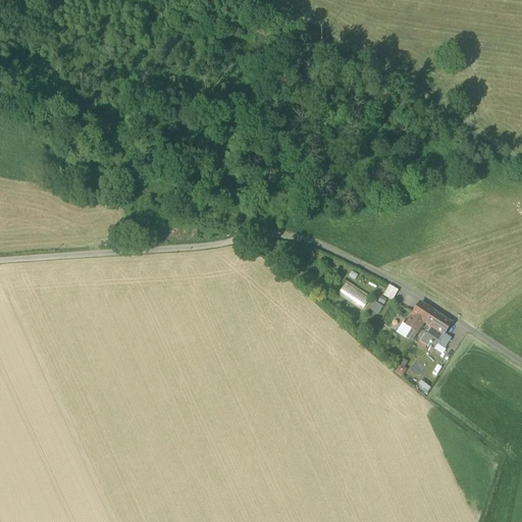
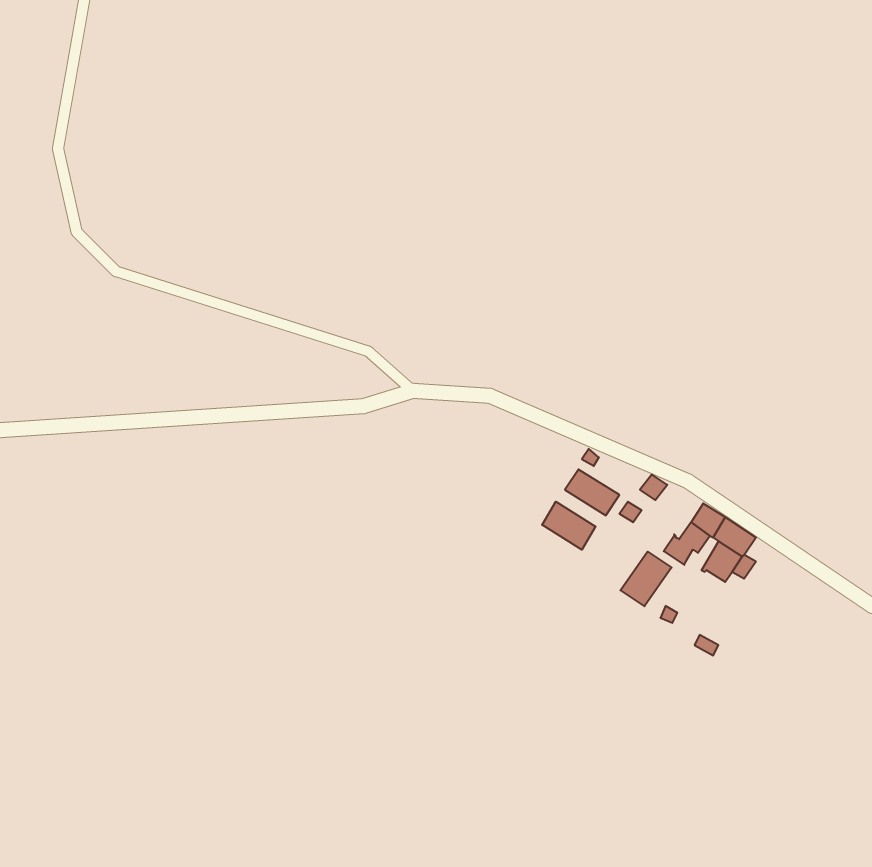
building: none -> [542,502,596,550]
building: none -> [620,552,672,606]

